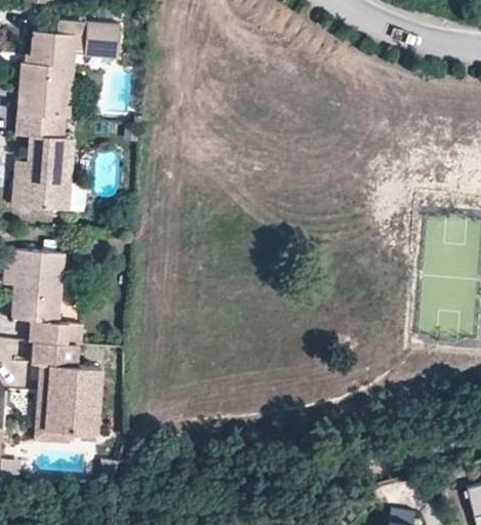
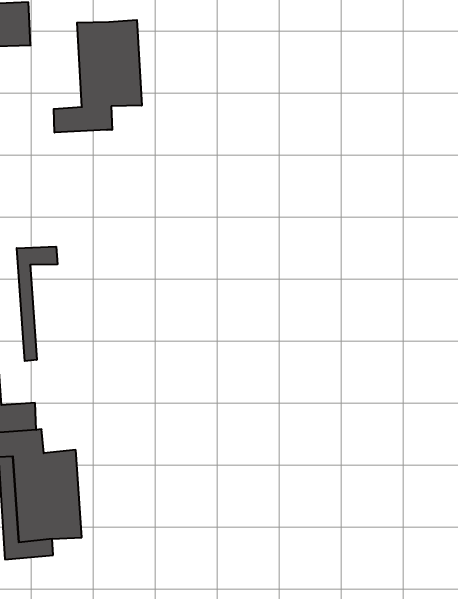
building: none -> [54,20,142,133]
building: none -> [17,247,57,361]

